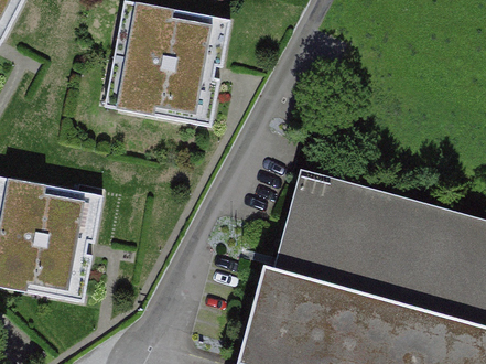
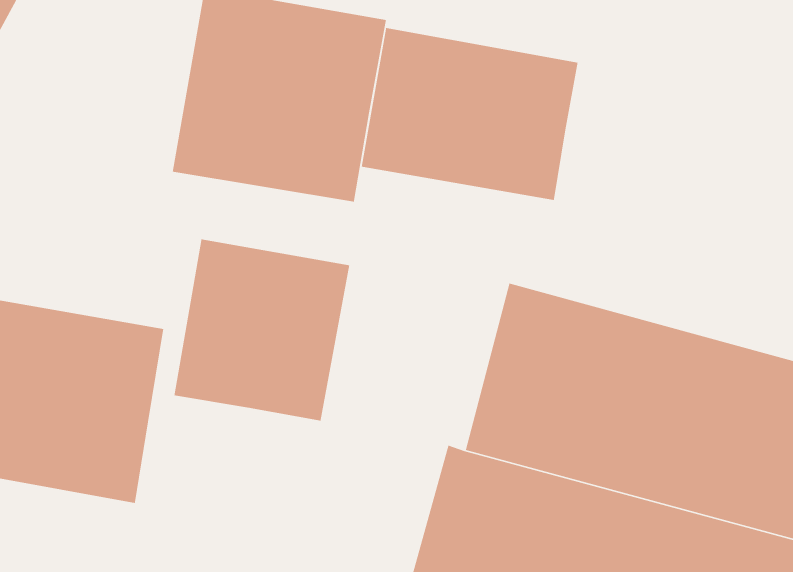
building: none -> [361,27,578,201]
building: none -> [174,239,350,421]

